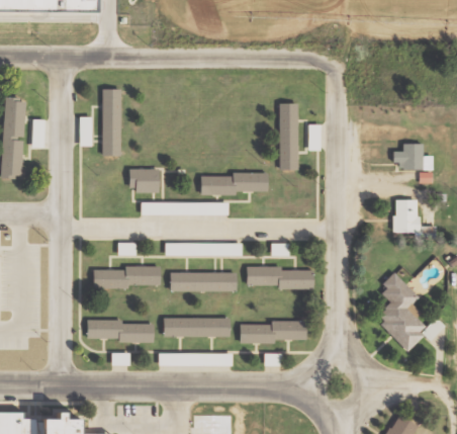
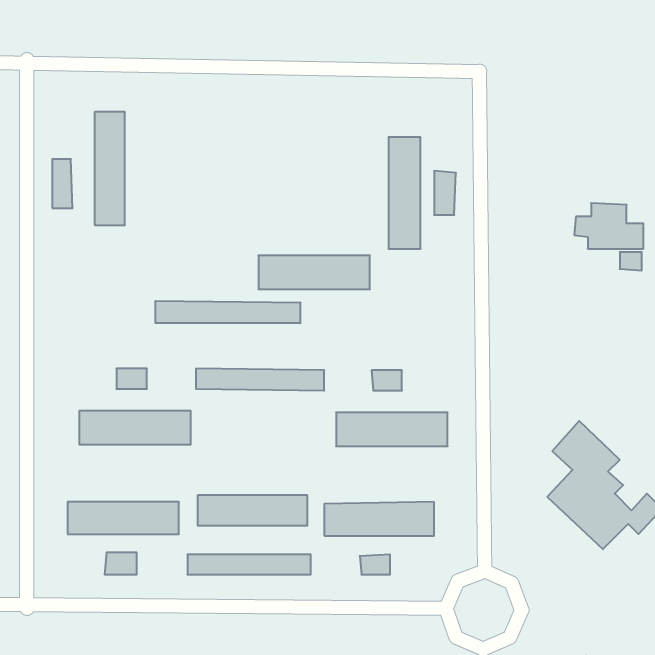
building: [129,169,160,192] -> none
building: [391,198,417,232] -> none
building: [171,272,237,290] -> none

